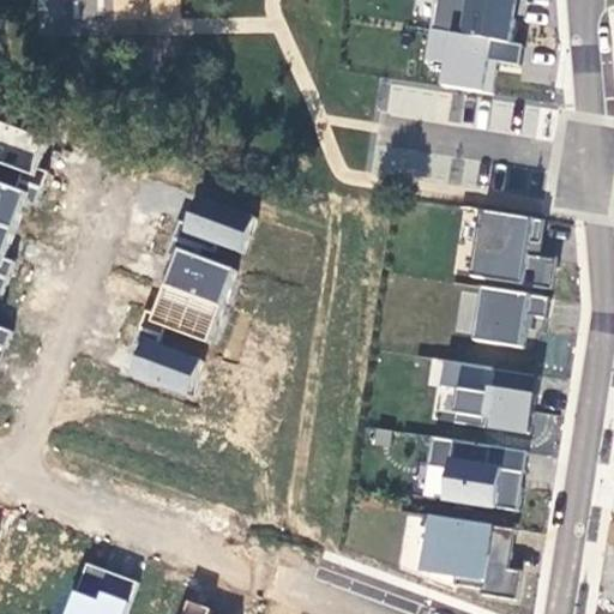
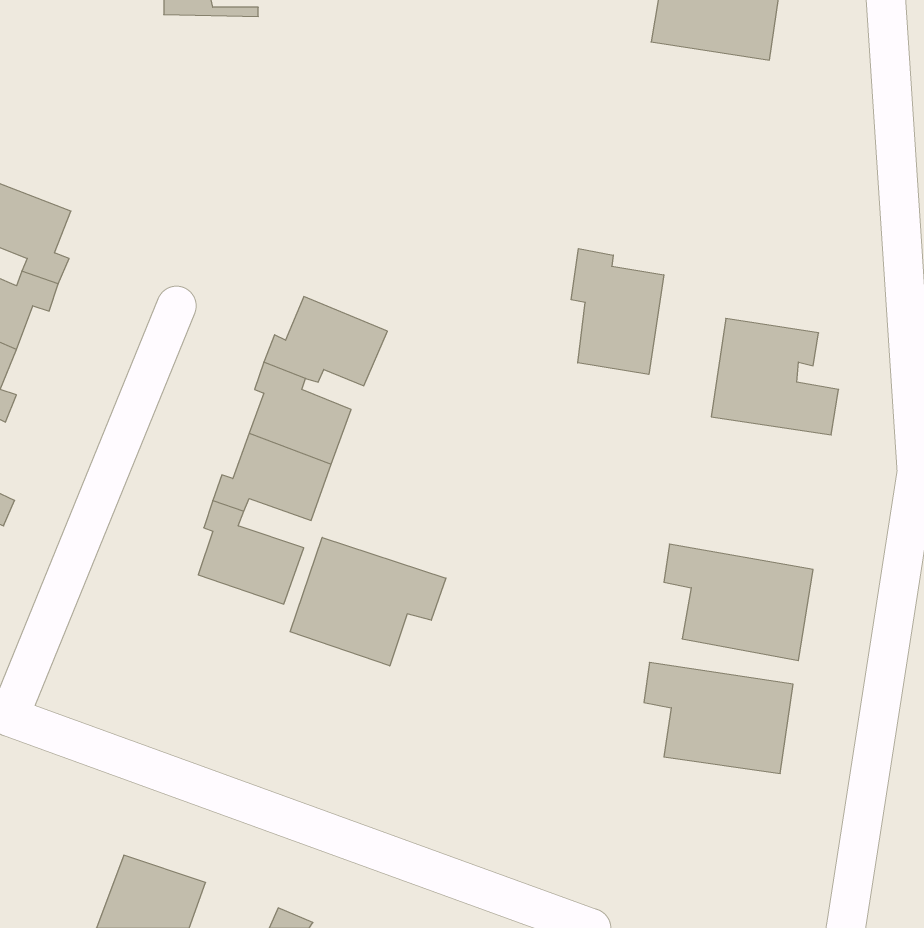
building: [421,28,519,94] -> none
building: none -> [571,249,664,374]
building: [471,285,548,348] -> none
building: none -> [290,537,446,666]
building: [415,514,518,597] -> none

